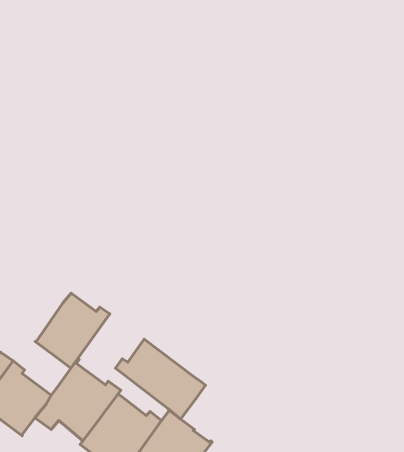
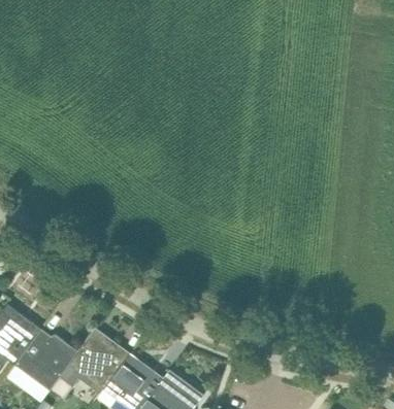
building: [35,293,110,368] -> none
building: [116,339,206,419] -> none

